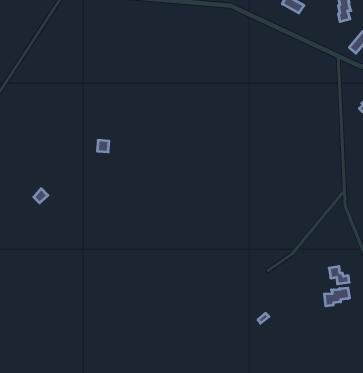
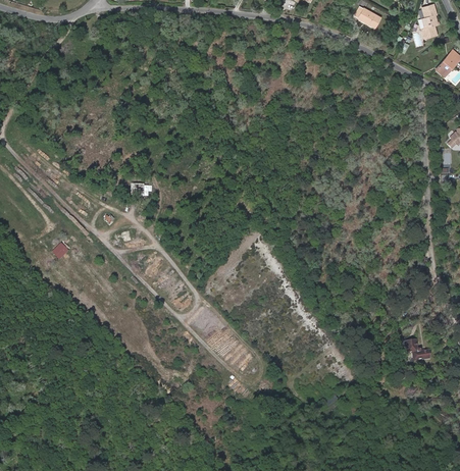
building: [324,288,350,306] -> none

